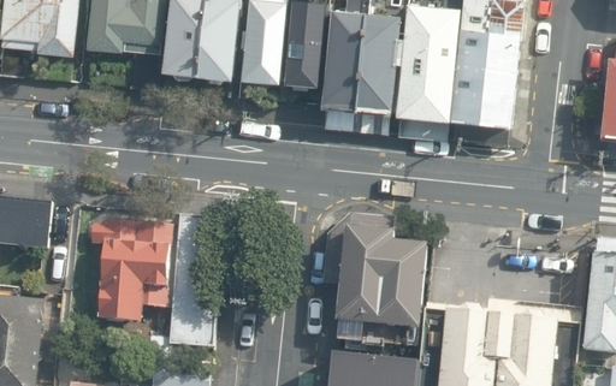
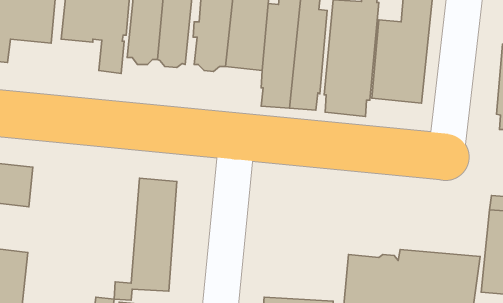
building: [321,212,427,345] -> none
building: [97,220,172,321] -> none

